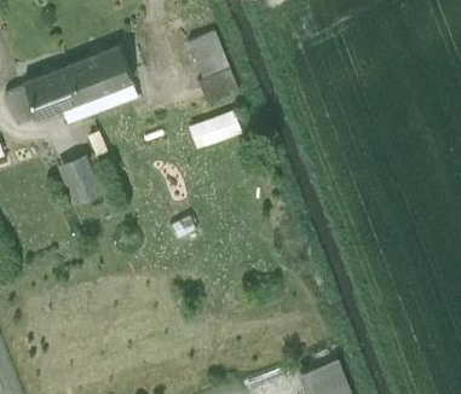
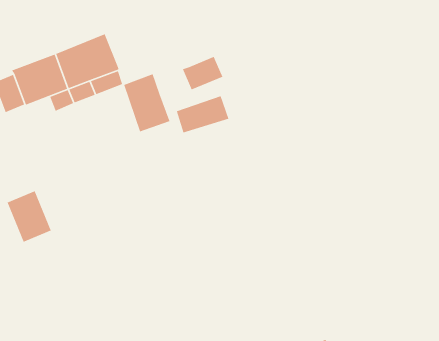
building: [188,35,227,80] -> none
building: none -> [123,73,170,132]
building: [58,153,104,207] -> [6,190,52,243]

